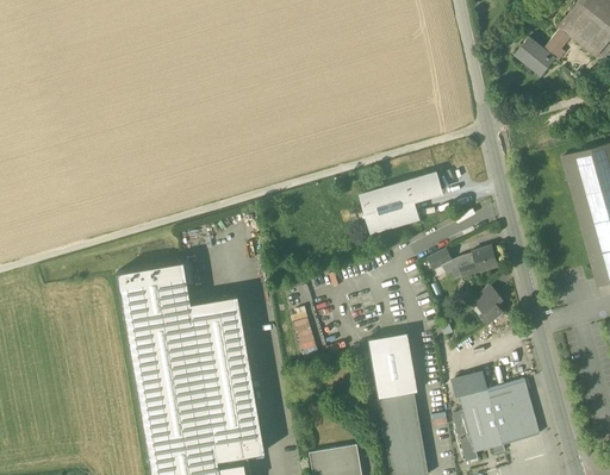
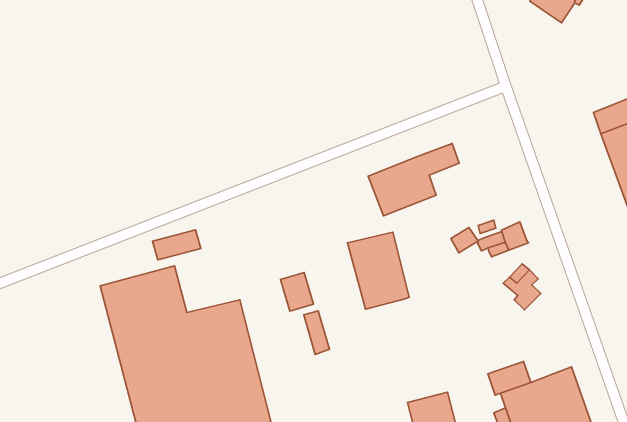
building: none -> [153,230,201,260]
building: none -> [281,272,313,311]
building: [367,332,417,398] -> [348,232,409,309]

